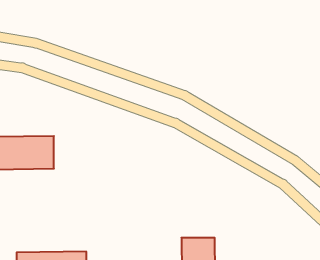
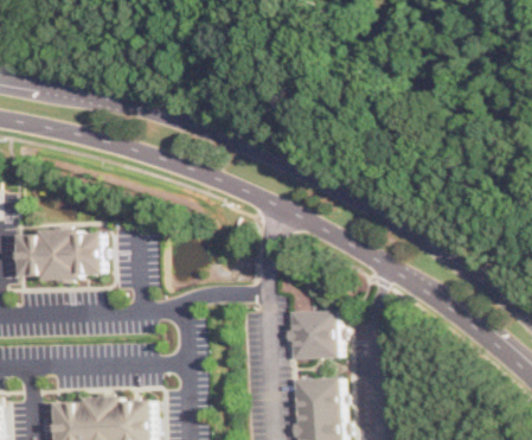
building: none -> [290,312,340,359]

